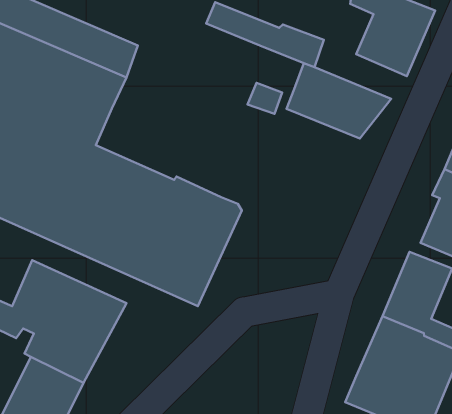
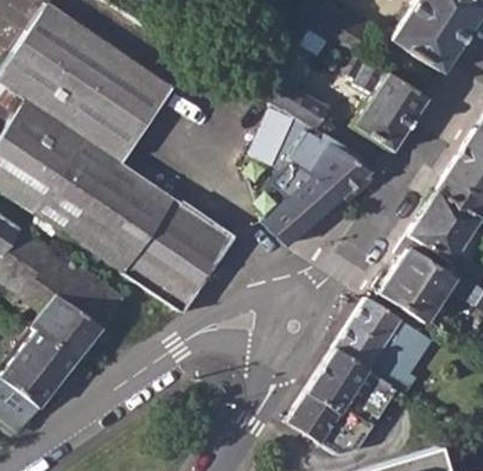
building: none -> [266,161,344,246]

